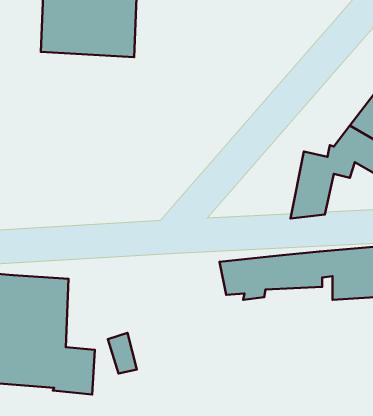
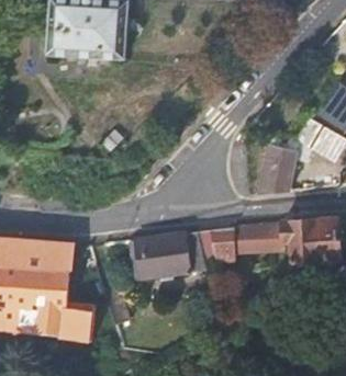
building: none -> [130,230,207,280]

